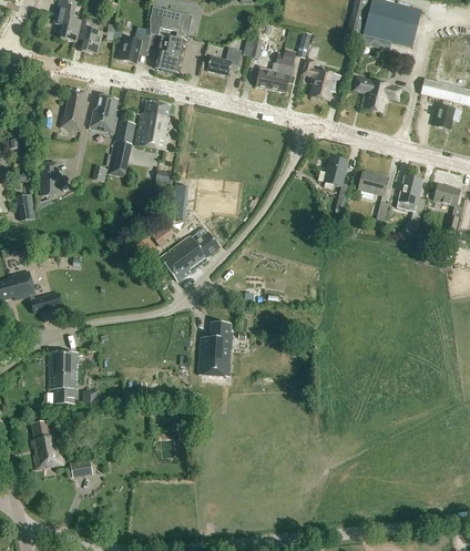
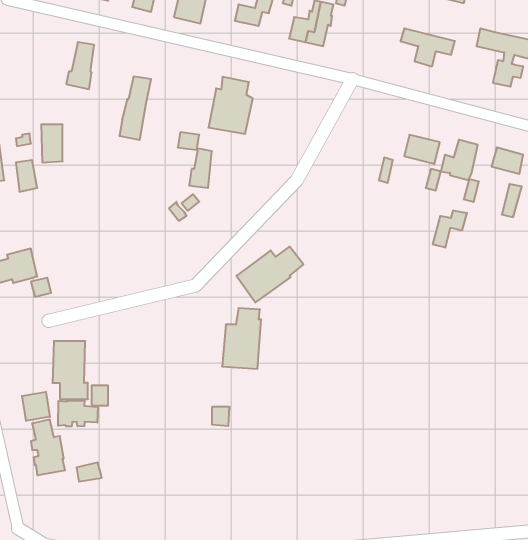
building: [303,59,340,99] -> none
building: [90,94,119,132] -> none
building: [134,100,173,150] -> [208,77,253,134]
building: [317,154,347,185] -> none
building: [161,232,219,280] -> [236,247,303,302]
building: none -> [433,210,467,248]
building: none -> [22,392,50,421]
building: none -> [58,400,98,426]

